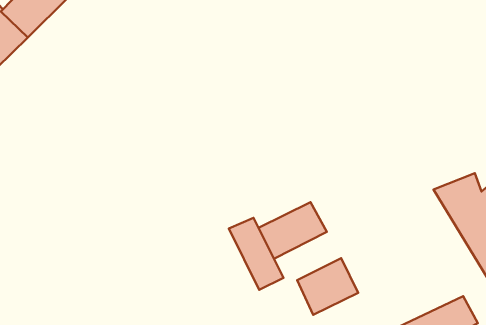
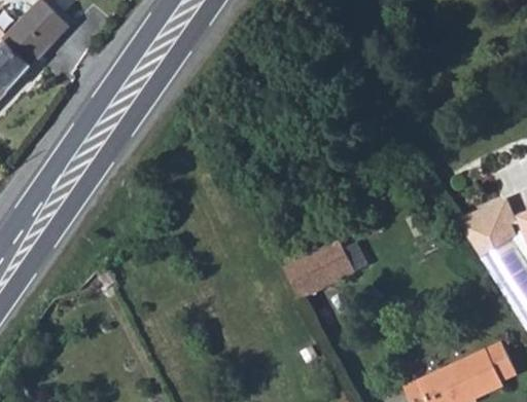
building: [229,218,283,290] -> none
building: [297,258,358,315] -> none

